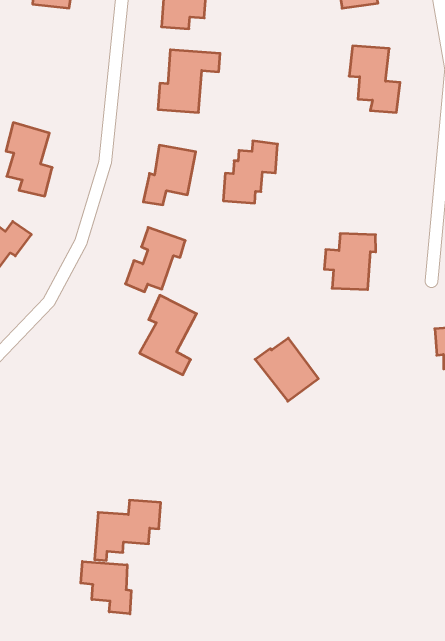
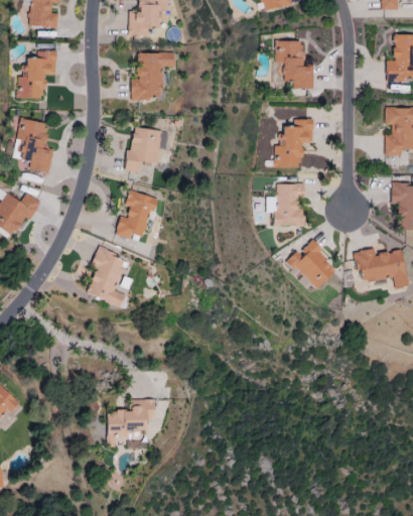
building: none -> [17,50,56,98]
building: [223,141,278,203] -> [275,119,313,166]
building: [140,295,197,375] -> [87,248,128,307]
building: [255,338,318,401] -> [288,242,337,290]
building: [81,561,131,614] -> none

